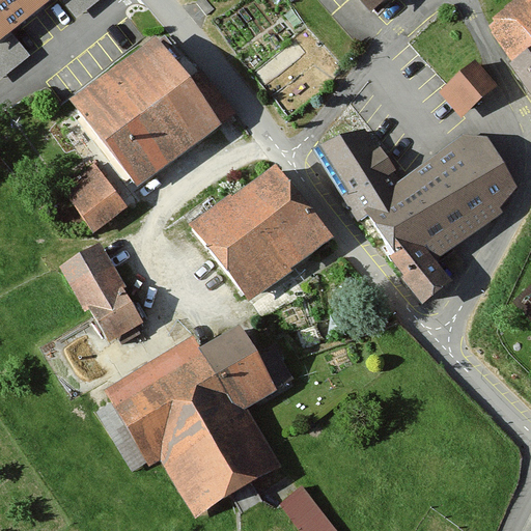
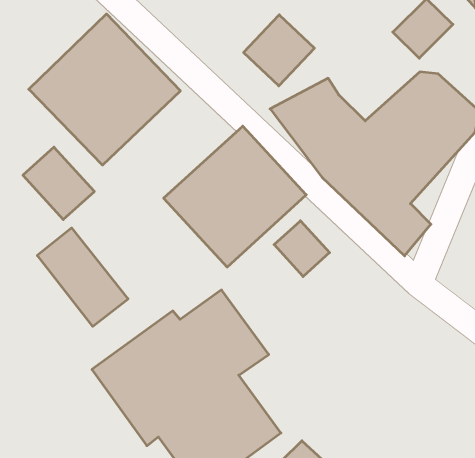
building: none -> [244,15,314,86]
building: none -> [274,221,330,277]

